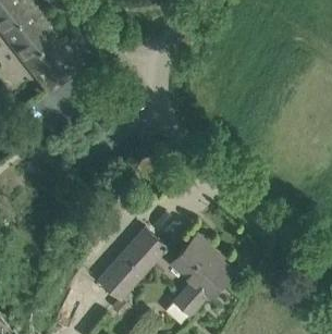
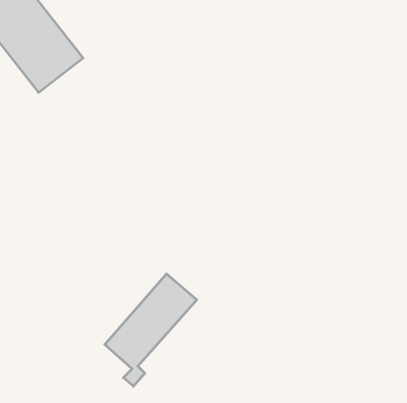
building: [170,238,231,317] -> none

